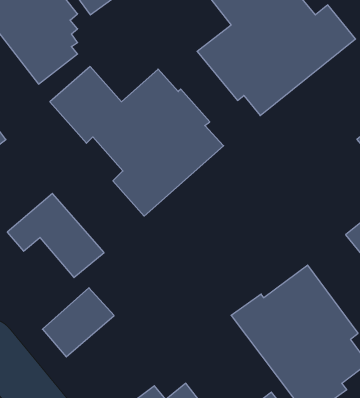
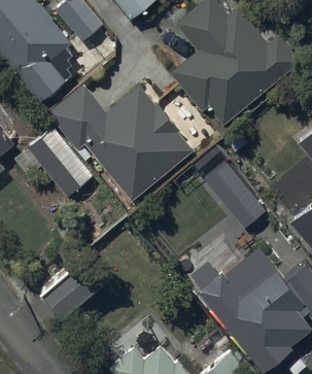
building: none -> [205,164,267,231]
building: [7,193,104,278] -> [14,128,94,197]

